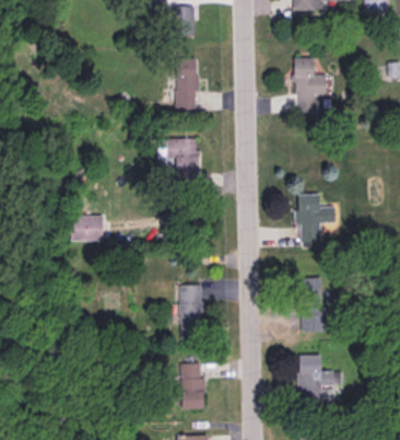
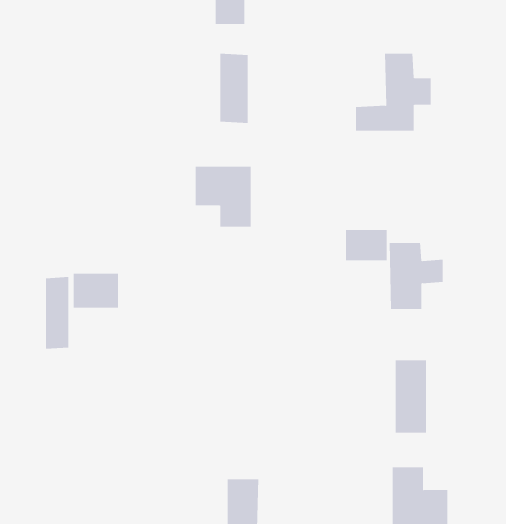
building: none -> [346,229,387,261]
building: none -> [45,276,69,350]
building: [180,285,202,338] -> none

